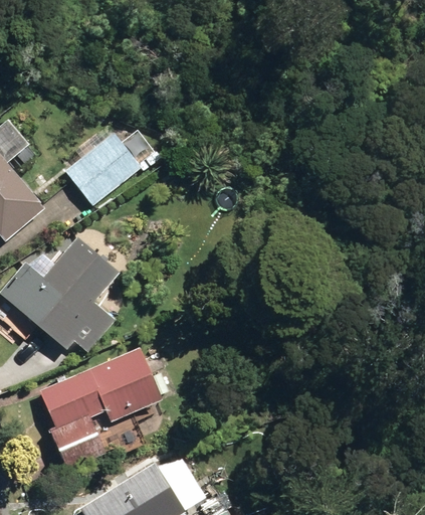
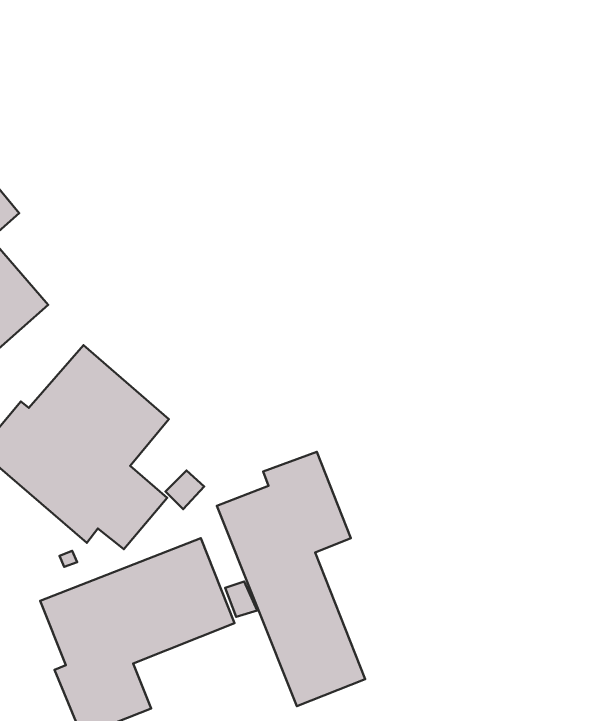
building: [69,132,146,207] -> none
building: none -> [217,452,365,706]

